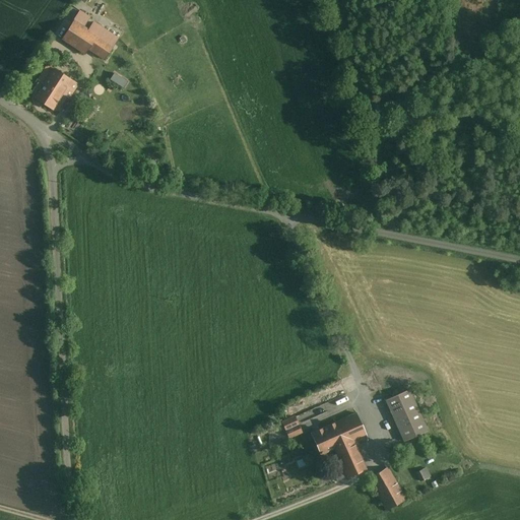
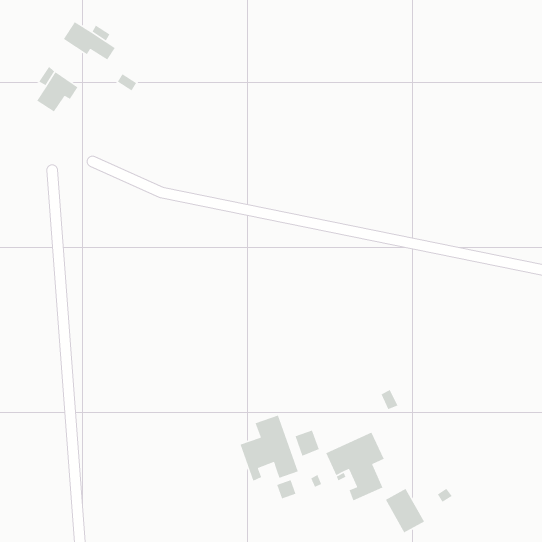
building: [386,390,425,440] -> none
building: none -> [240,415,299,482]

